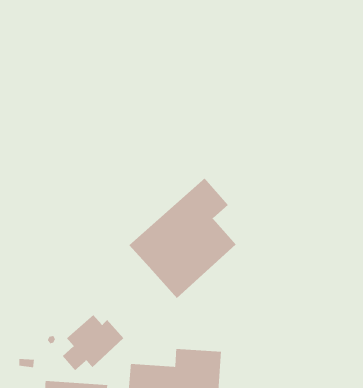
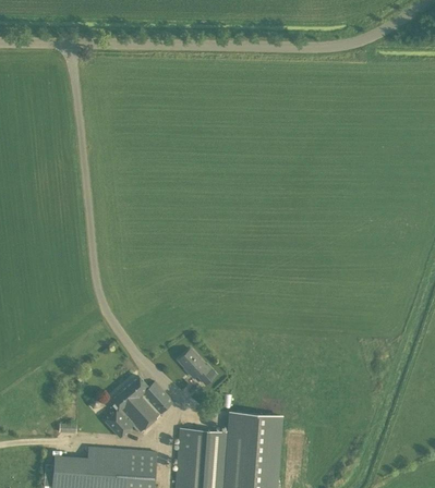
building: [128,177,236,299] -> none
building: none -> [179,349,216,383]

